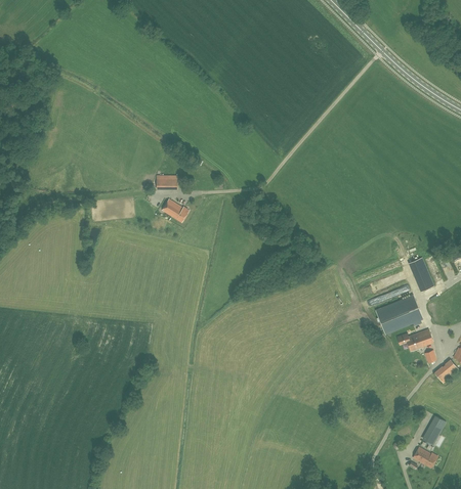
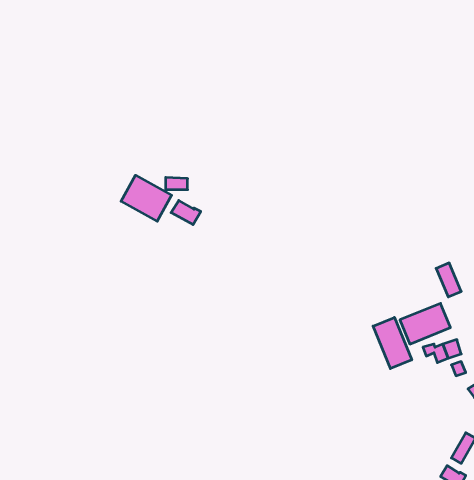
building: none -> [121,175,172,221]
building: none -> [373,317,412,369]

